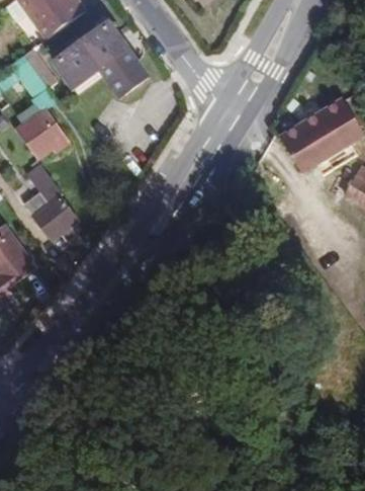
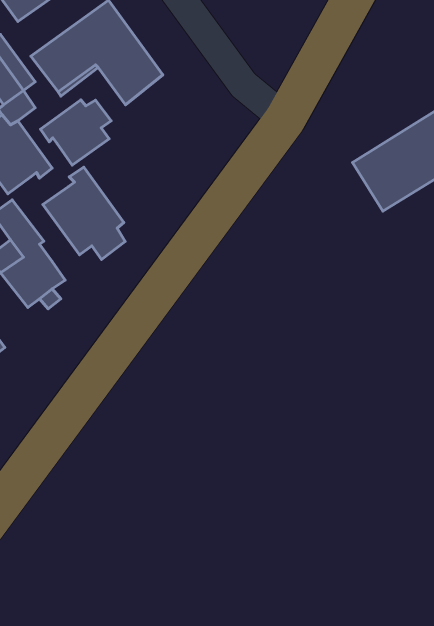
building: none -> [40,100,111,165]
building: none -> [43,167,125,260]

